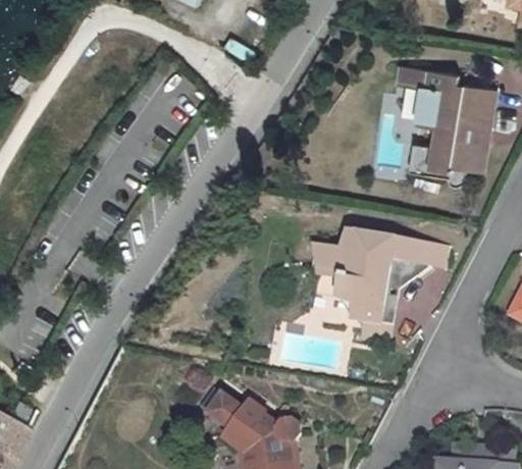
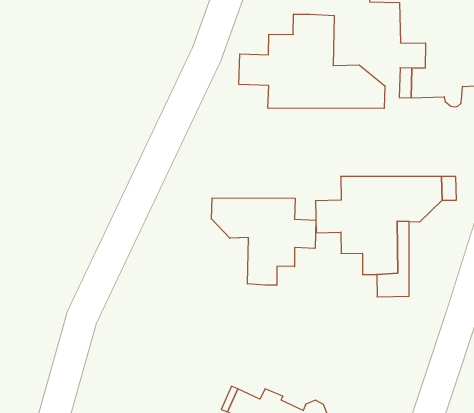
building: none -> [239,14,385,108]
building: none -> [211,198,316,285]

